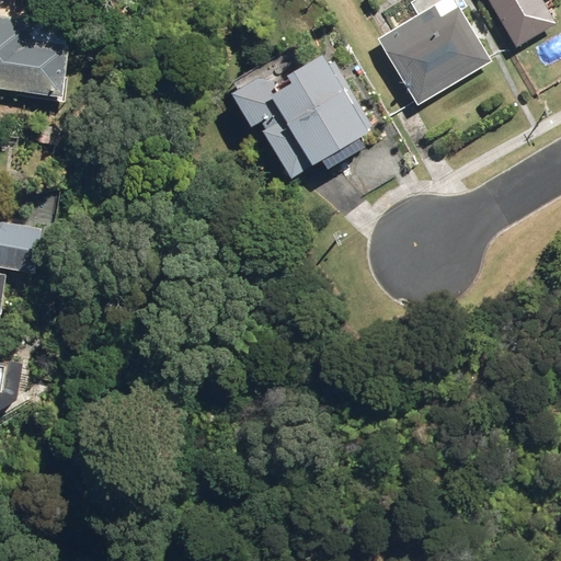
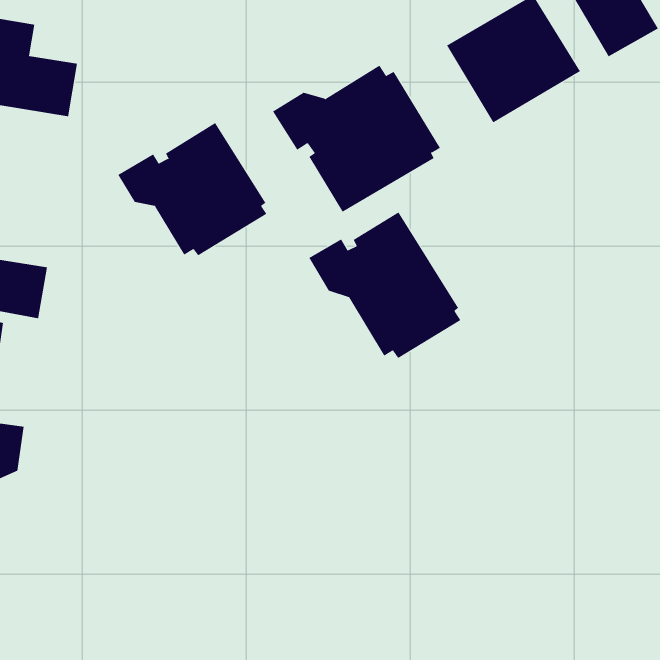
building: none -> [118,122,267,256]
building: none -> [308,211,461,359]

